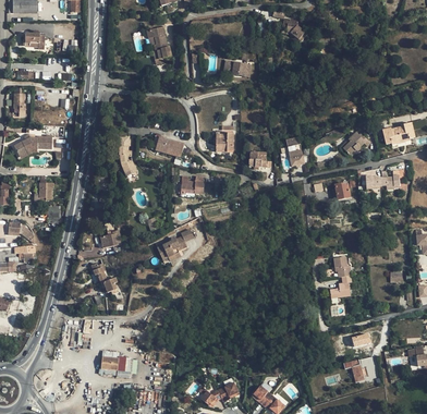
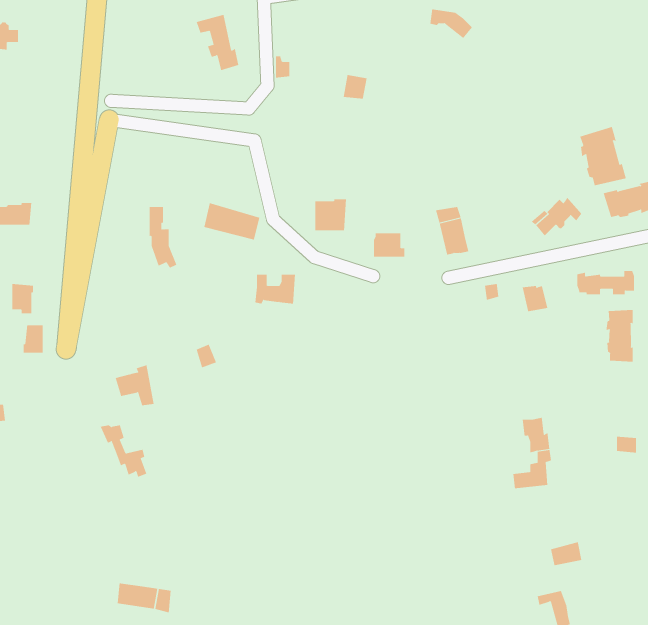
building: none -> [579,126,626,186]
building: none -> [606,309,633,362]
building: [156,229,193,258] -> none

